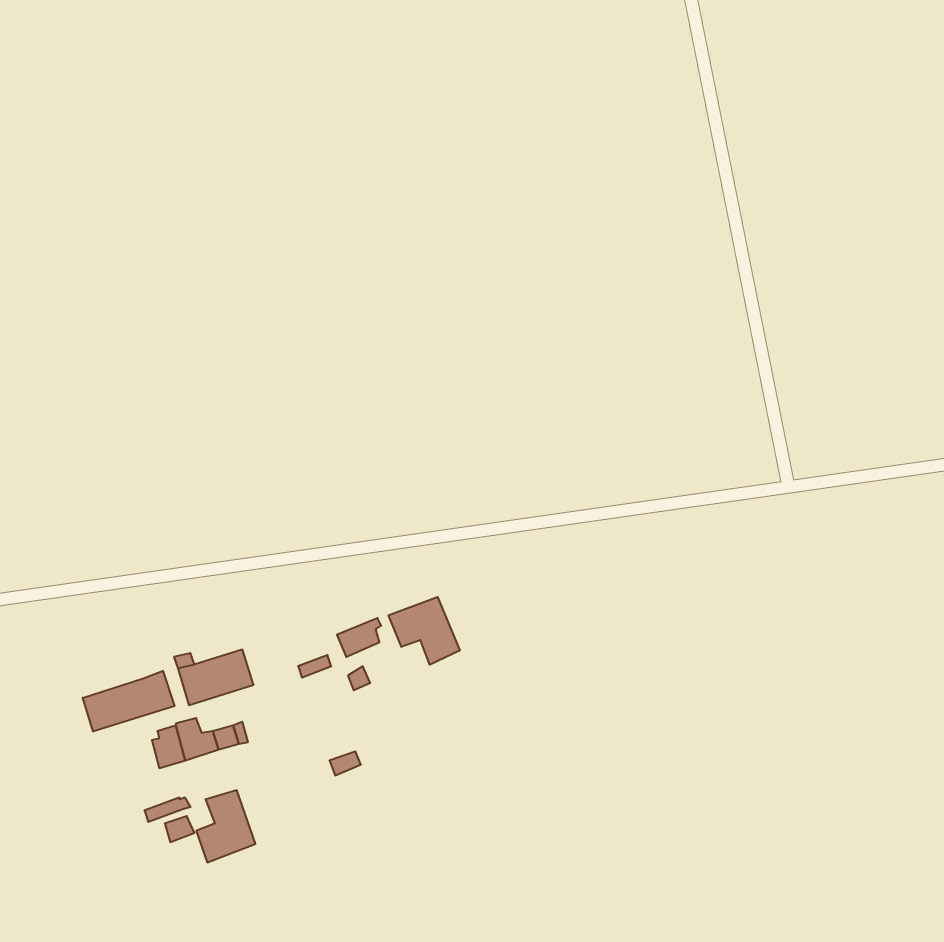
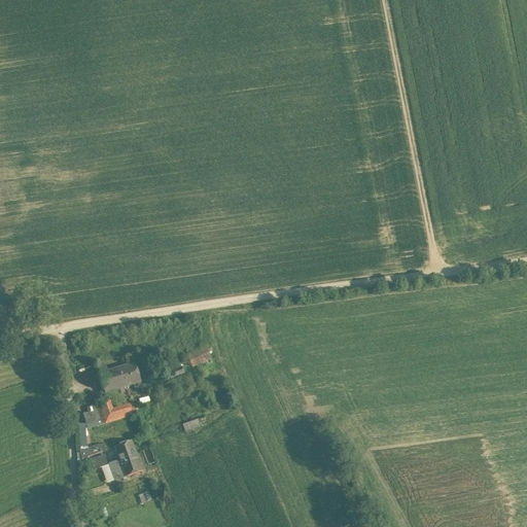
building: [389,597,460,665] -> none
building: [83,671,175,732] -> none

